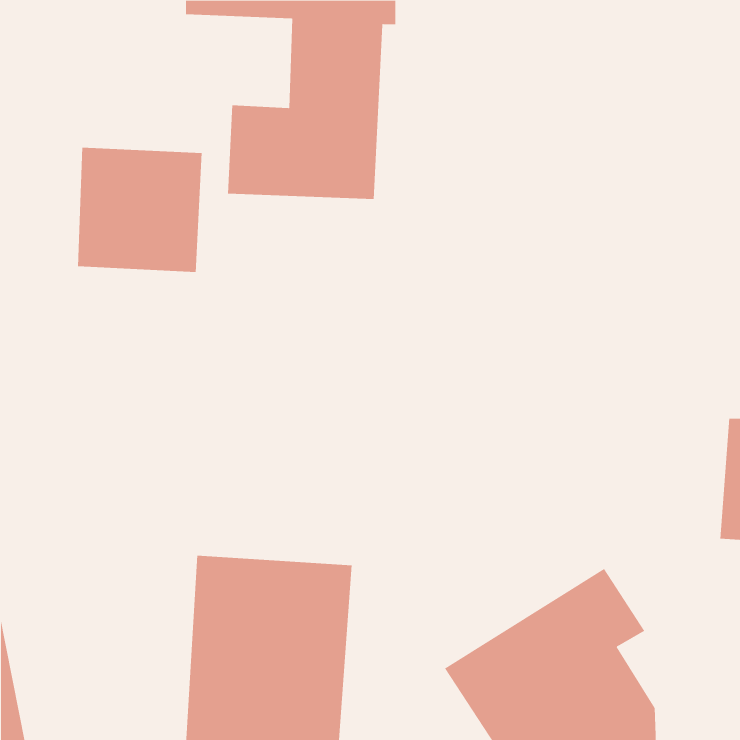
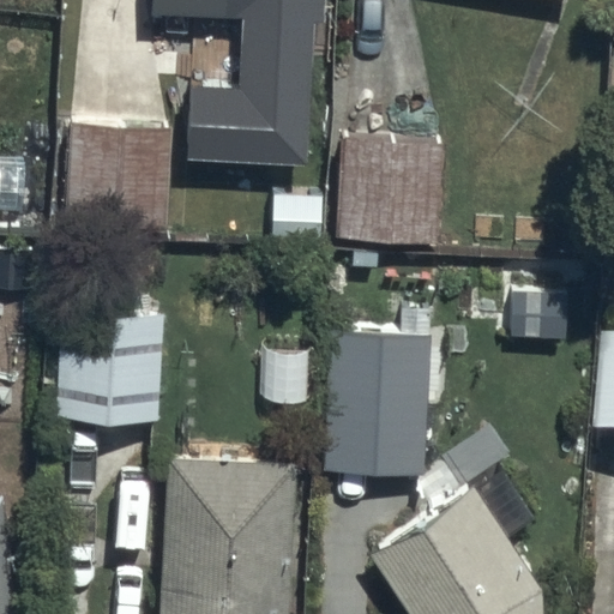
building: none -> [339,137,447,243]
building: none -> [48,312,164,425]
building: none -> [313,325,429,472]

